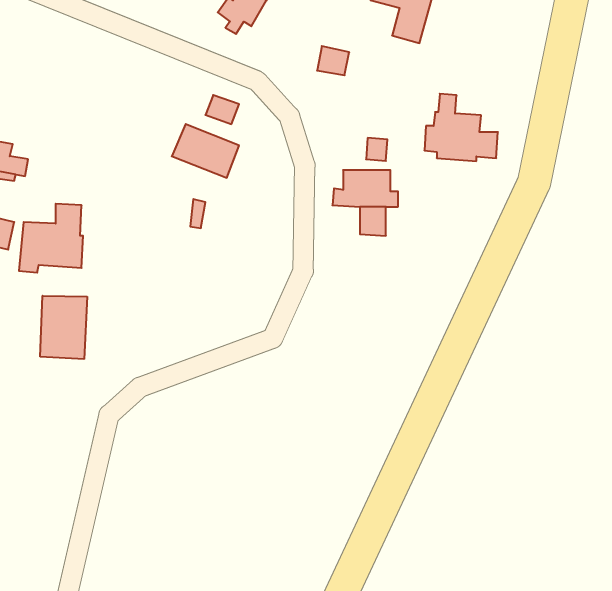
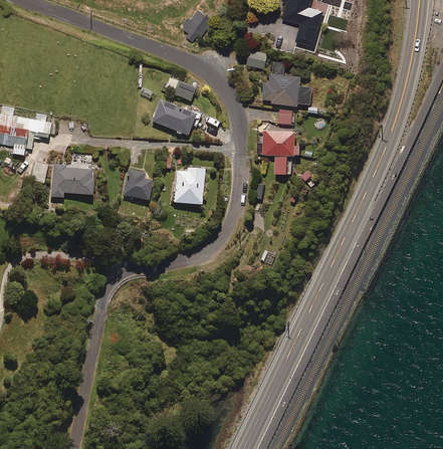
building: [424,94,498,161] -> [263,61,311,105]
building: none -> [174,167,204,205]
building: none -> [123,170,152,200]
building: [40,296,87,359] -> none

